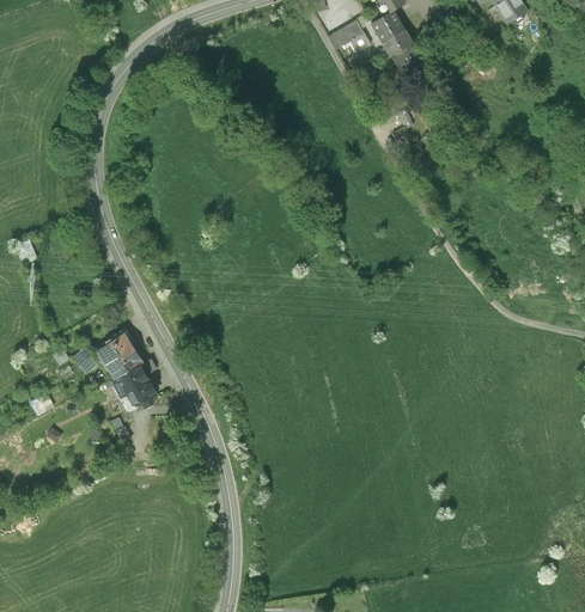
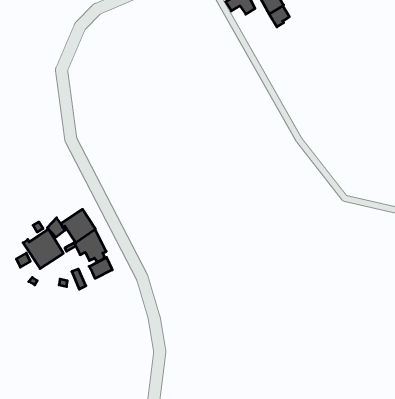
building: none -> [23,229,63,269]
building: none -> [89,257,112,278]

